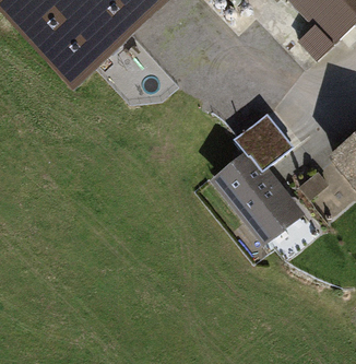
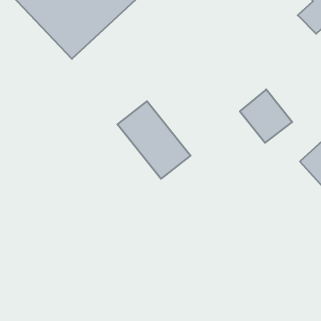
building: [222,156,295,234] -> [117,101,191,179]

